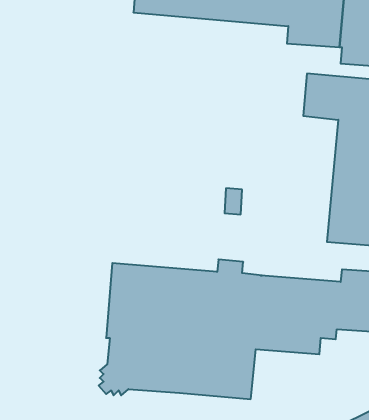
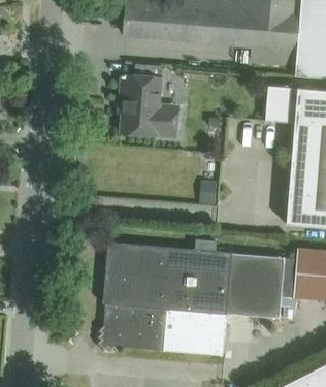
building: none -> [120,75,177,137]

